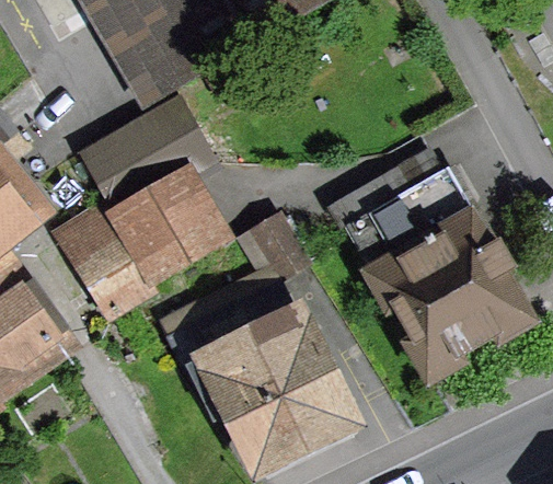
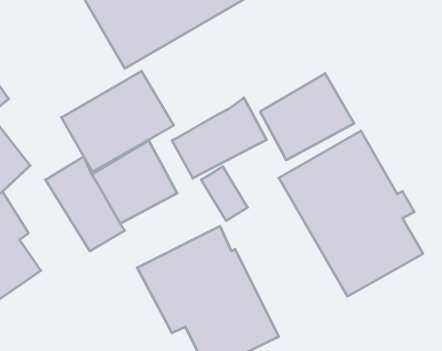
building: none -> [260,73,354,160]
building: none -> [172,98,267,178]

